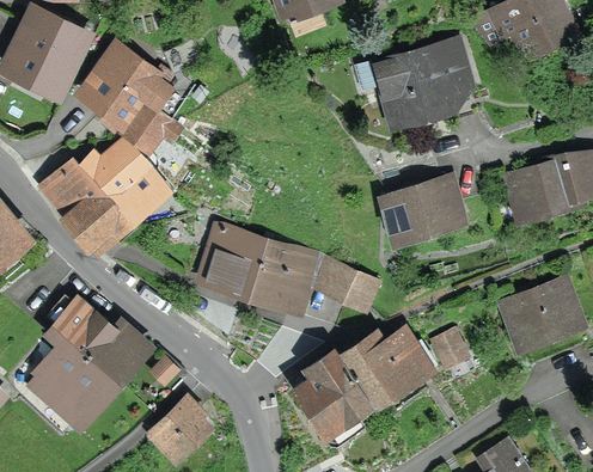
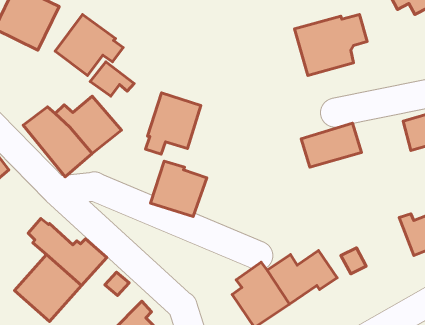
building: none -> [145,93,201,154]
building: [252,246,316,309] -> none
building: [319,257,379,307] -> none

